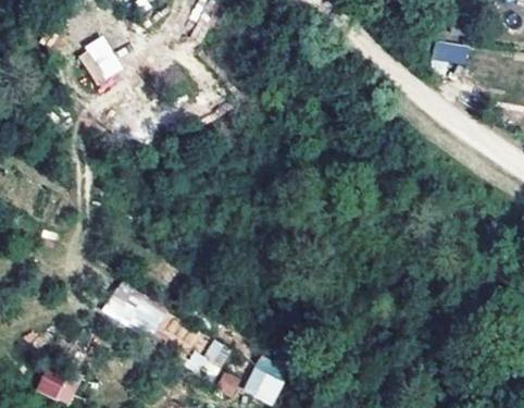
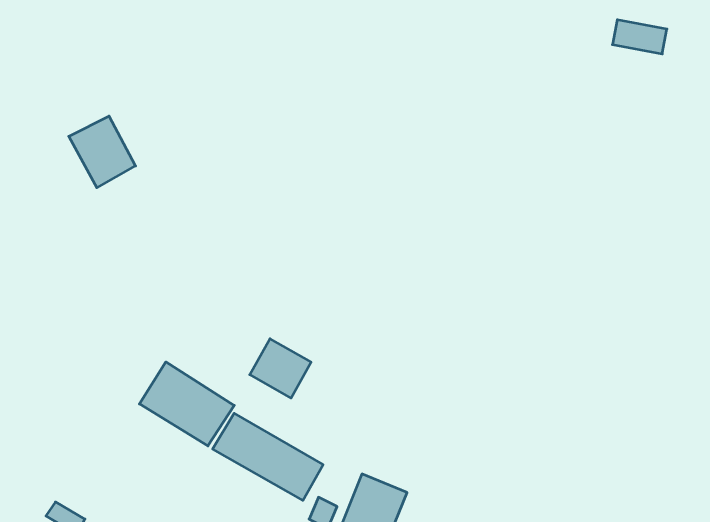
building: [77,36,124,86] -> [69,116,136,188]
building: none -> [250,339,311,398]

